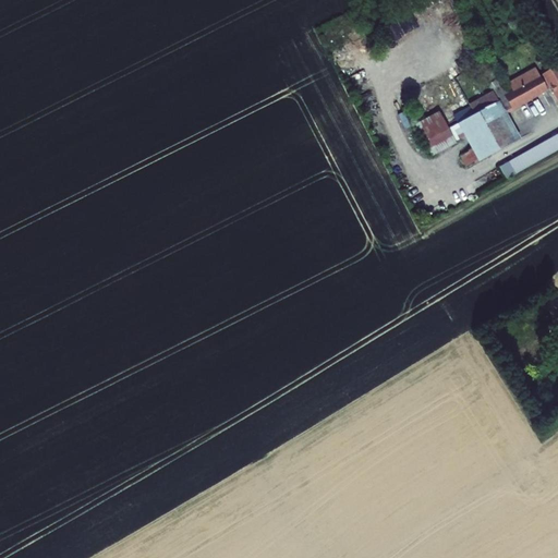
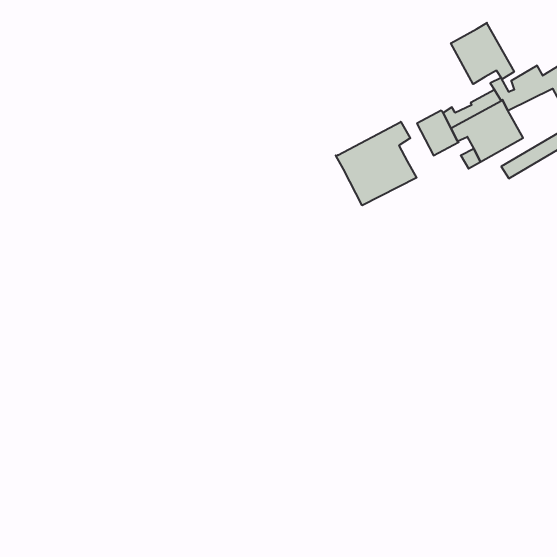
building: none -> [451,23,514,84]
building: none -> [336,122,417,205]

